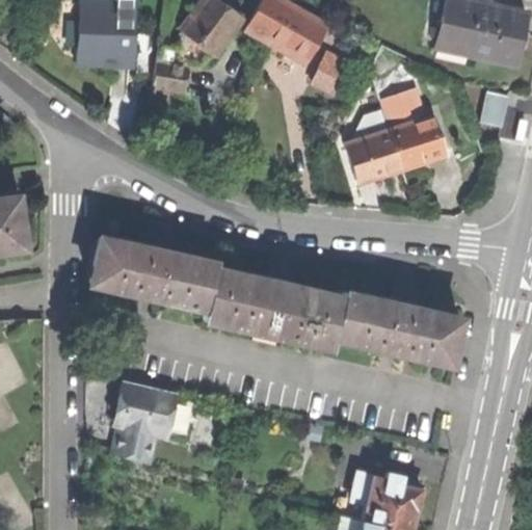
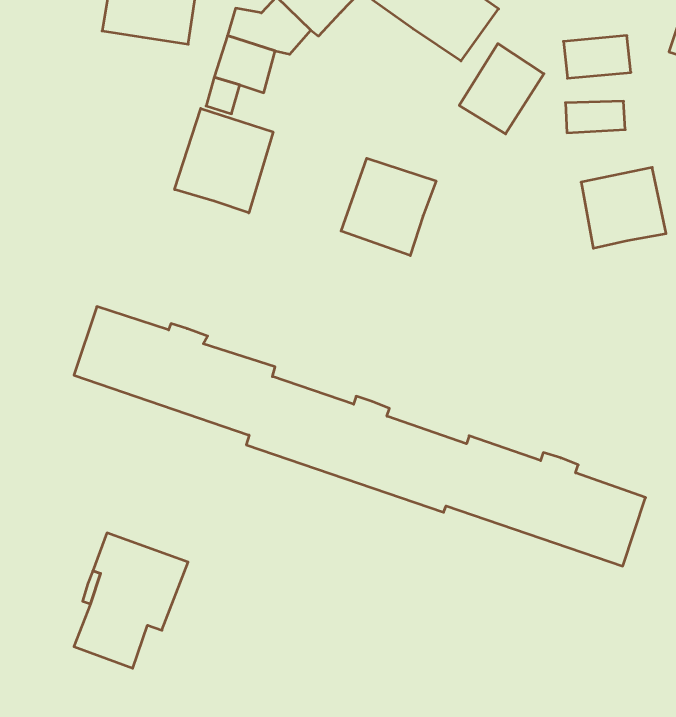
building: [380,90,425,122] -> [563,36,631,78]
building: none -> [175,108,273,213]
building: [346,127,403,181] -> none
building: none -> [341,158,436,256]

